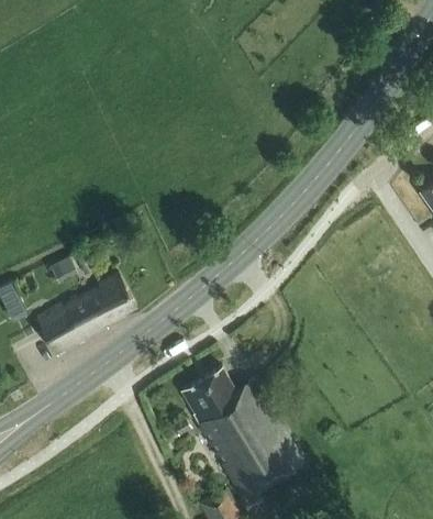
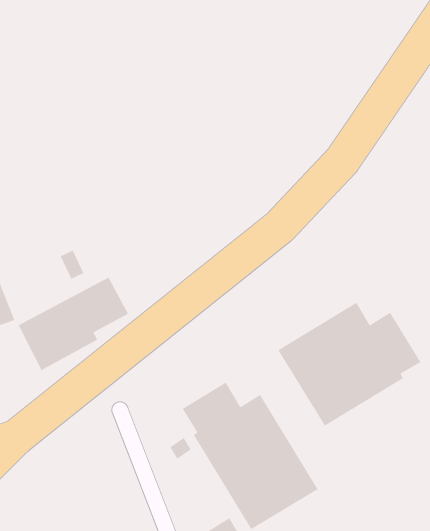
building: none -> [278,302,421,427]

